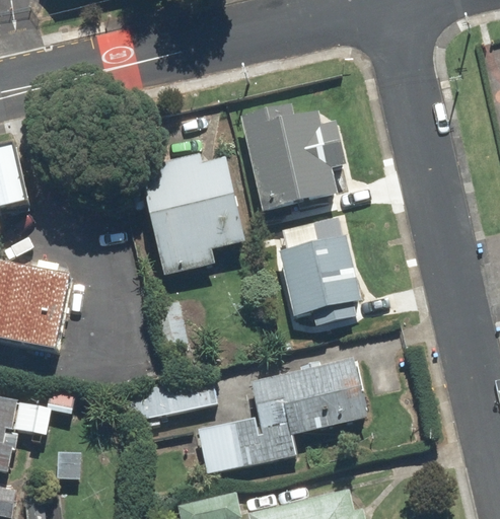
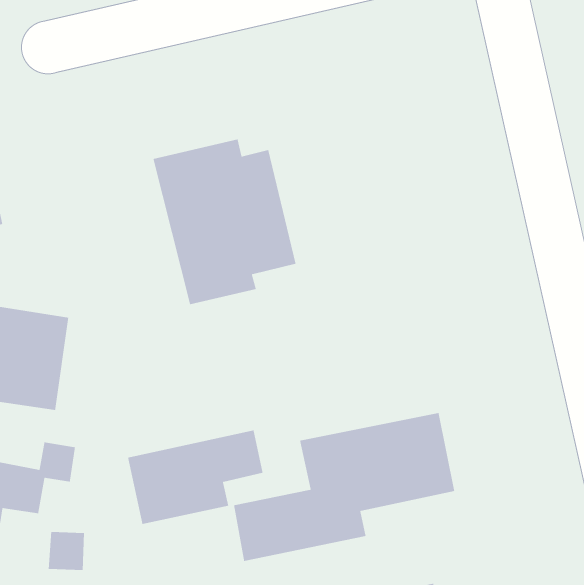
building: [244,108,337,218] -> none
building: [283,221,366,320] -> none

